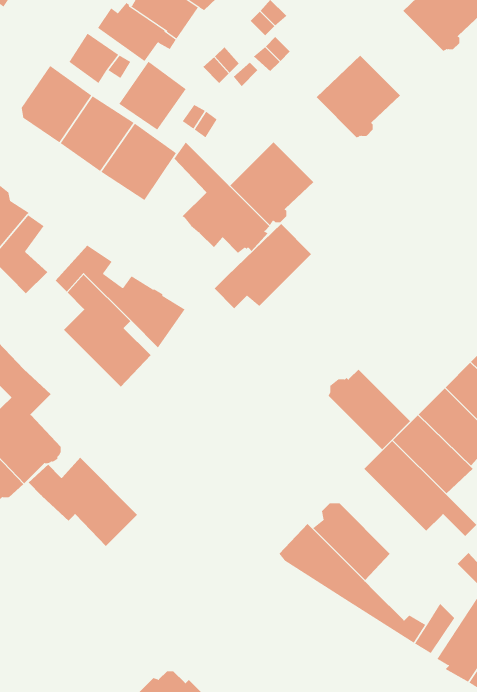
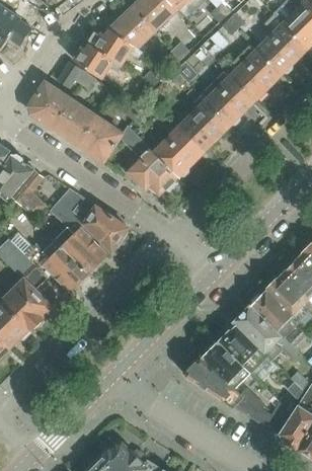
building: none -> [231,49,281,99]
building: [118,61,187,131] -> none
building: none -> [179,100,229,151]
building: [214,223,312,309] -> none
building: [328,369,411,450] -> [218,325,267,374]
building: [28,457,138,547] -> [22,239,88,293]

